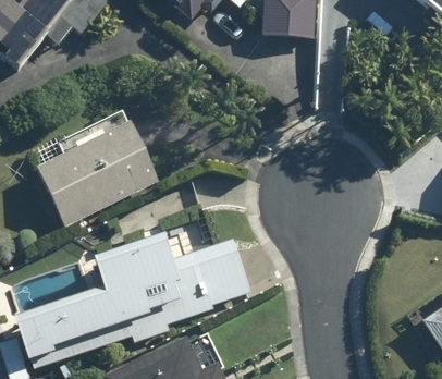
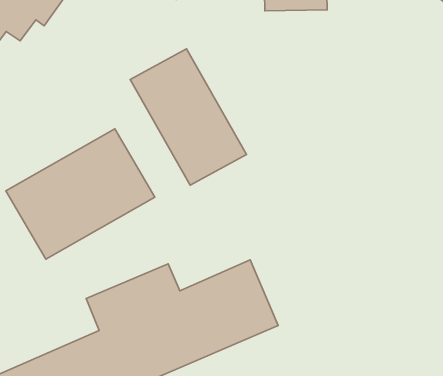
building: none -> [130,49,246,185]

